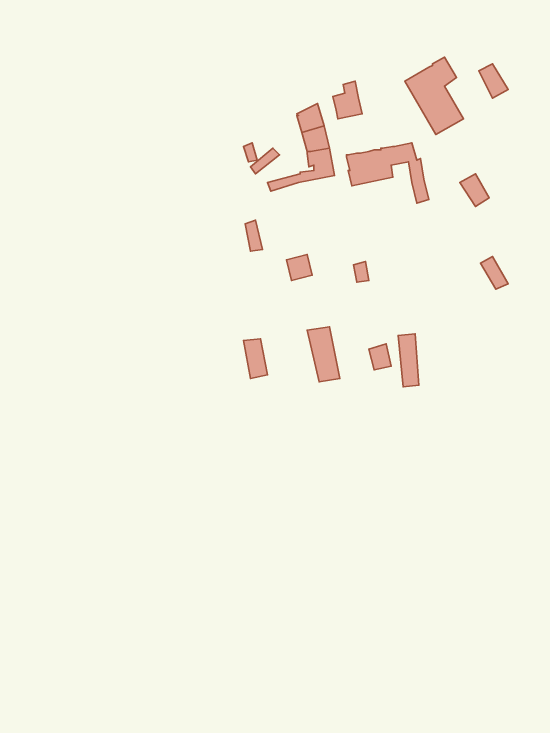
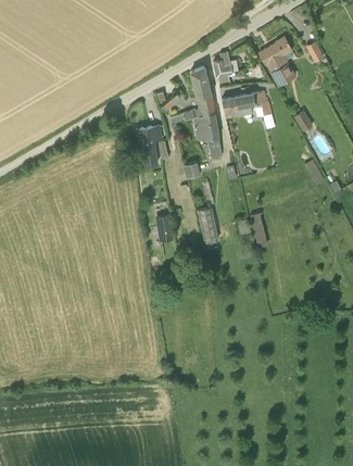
building: none -> [174,112,222,158]
building: none -> [136,125,161,159]

